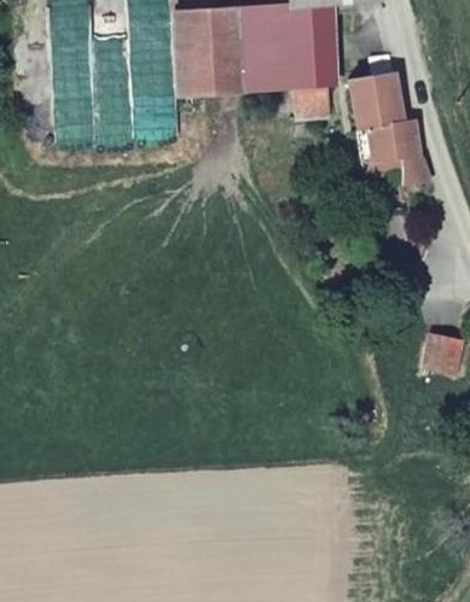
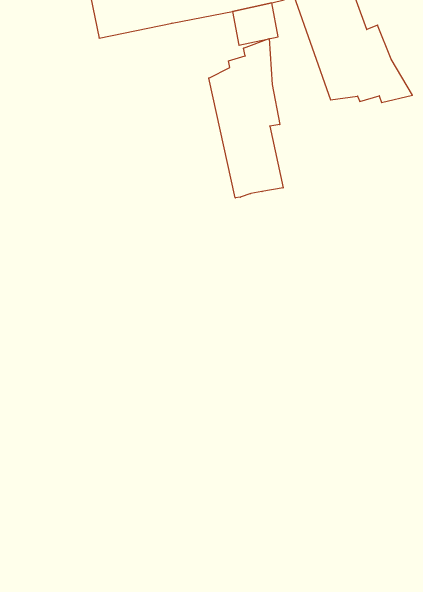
building: none -> [209,39,283,198]

